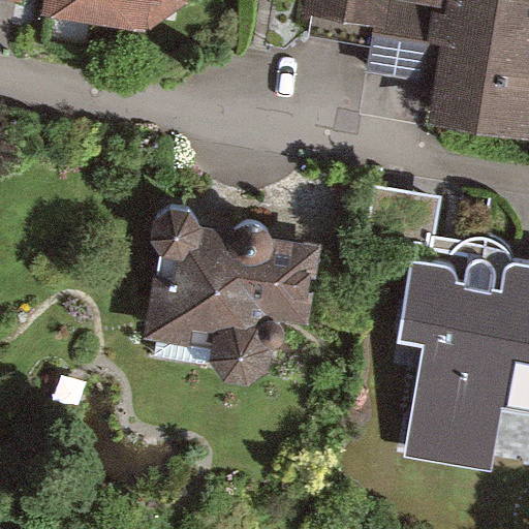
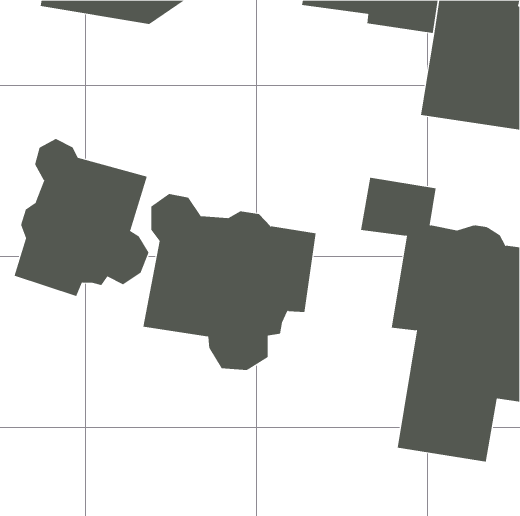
building: none -> [14,138,149,297]

